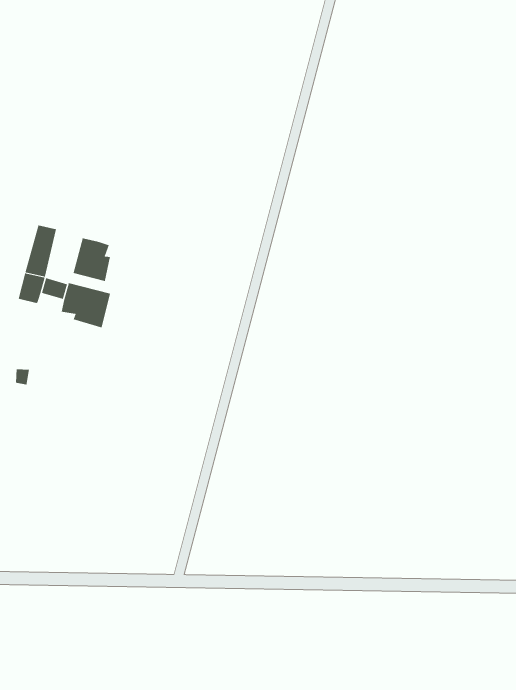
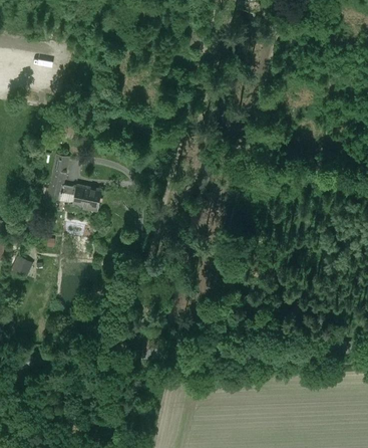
building: [73,237,111,282] -> none

